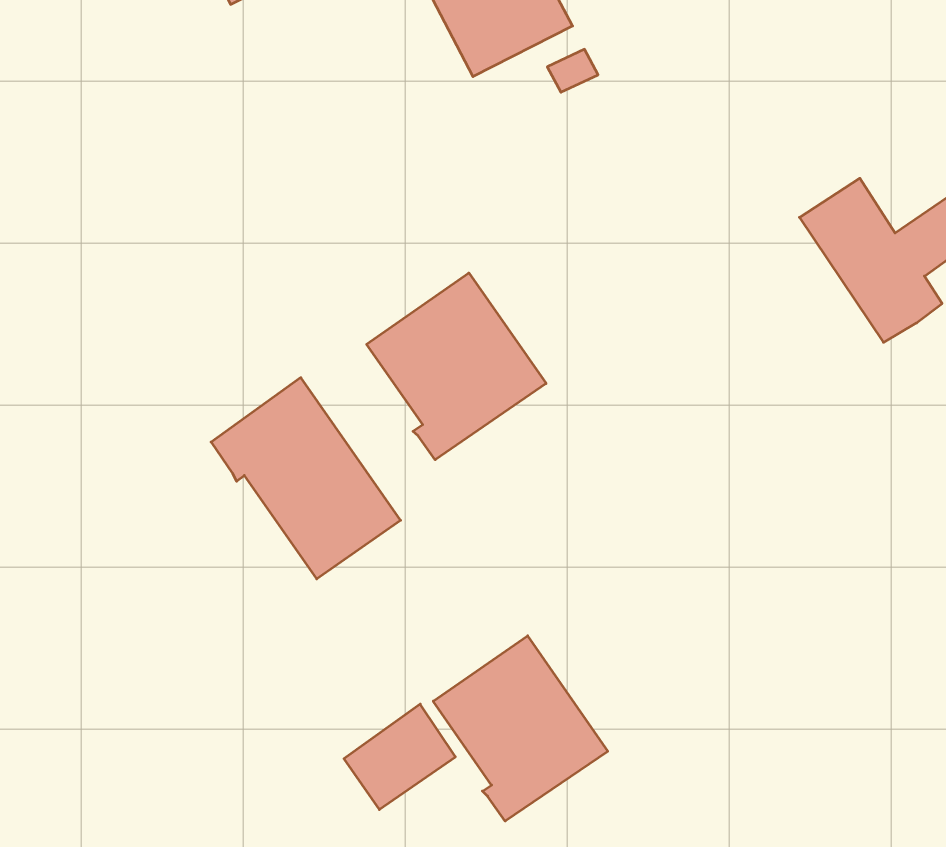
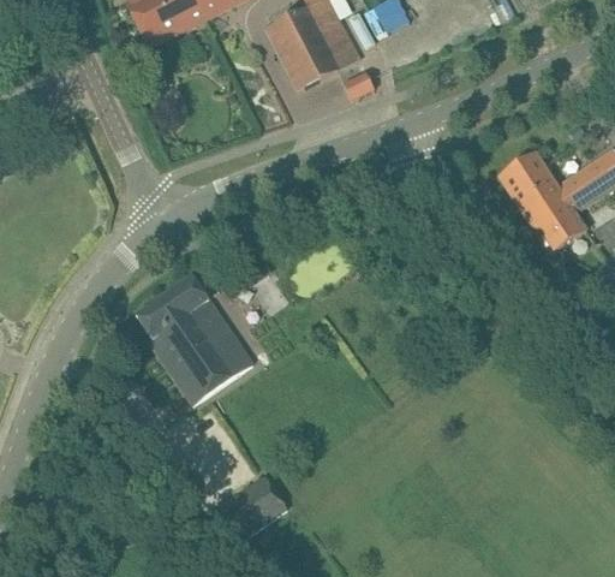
building: [367,273,546,460] -> none
building: [433,636,608,821] -> none

